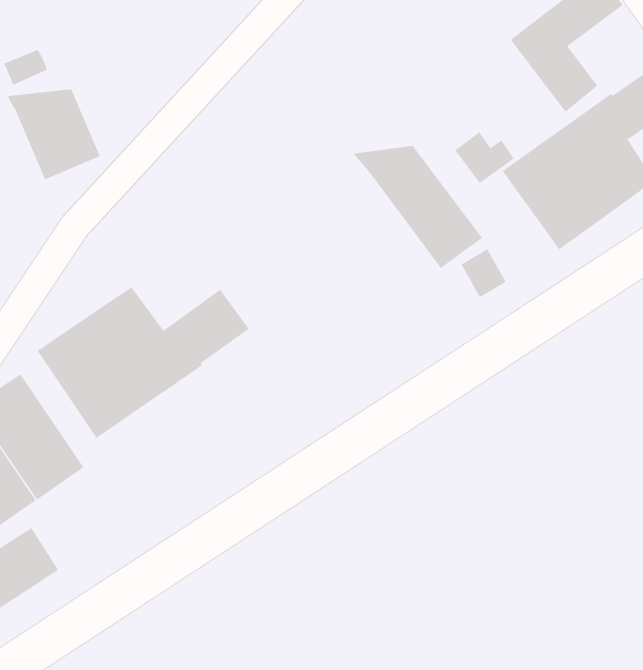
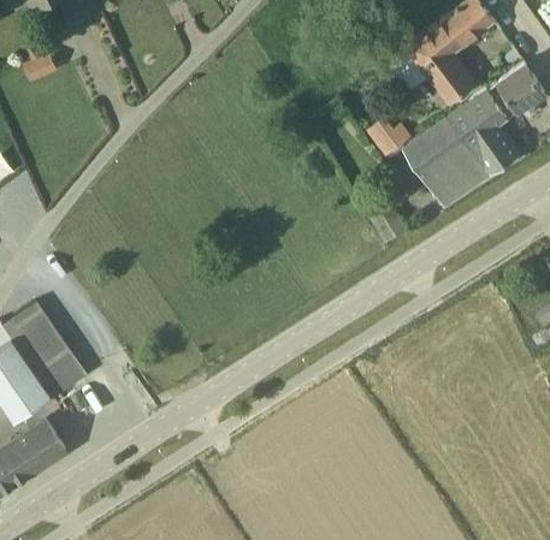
building: [7,89,101,180] -> none
building: [353,145,483,269] -> none
building: [37,286,249,439] -> none

